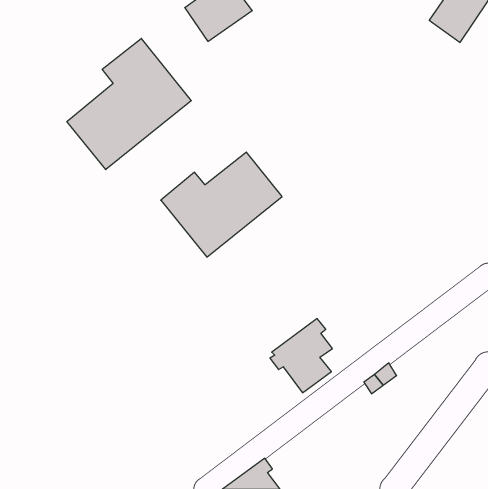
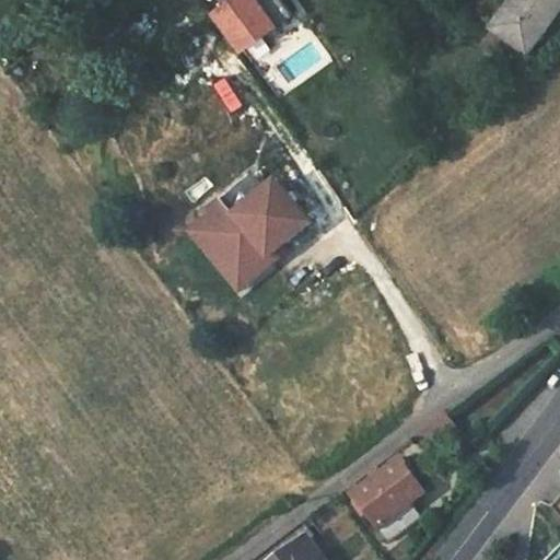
building: [67,38,191,170] -> none
building: [270,319,332,393] -> [348,456,419,540]

